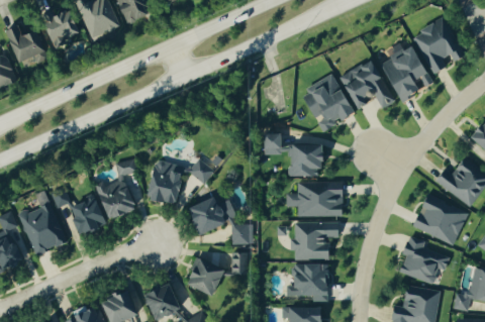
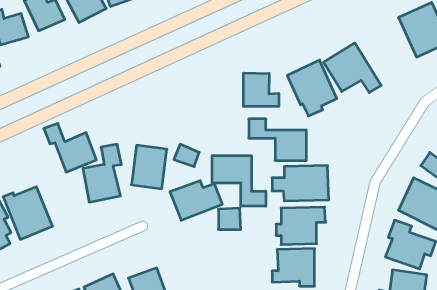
building: [378,44,431,101] -> none
building: none -> [243,73,279,106]
building: none -> [212,156,266,206]
building: [52,188,104,236] -> [44,123,96,172]
building: [184,257,222,296] -> none

